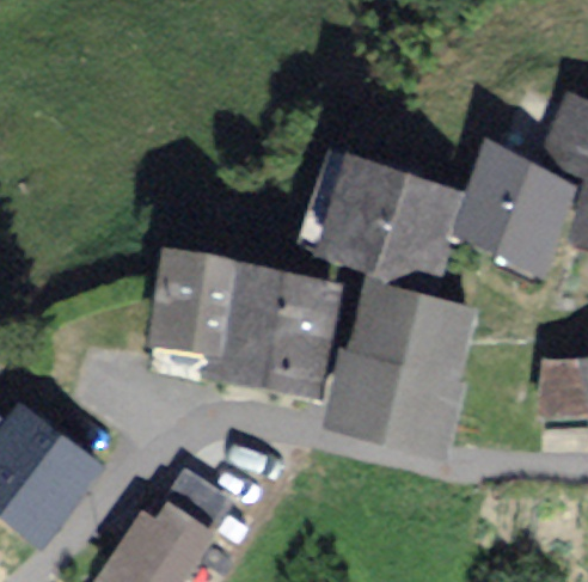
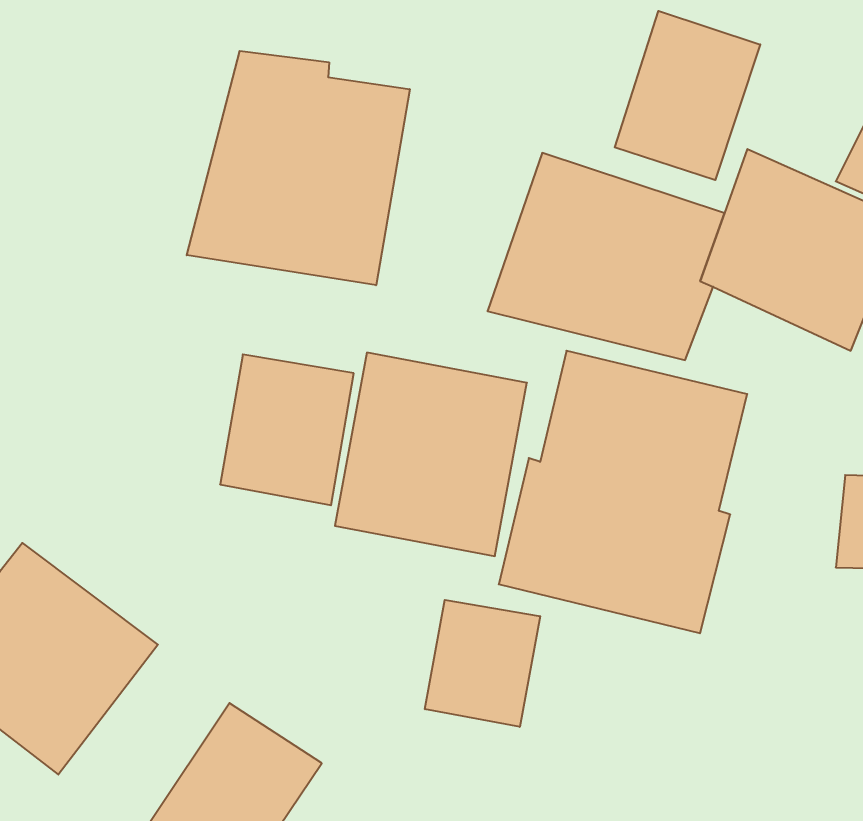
building: none -> [615,11,760,180]
building: none -> [187,51,410,285]
building: none -> [425,600,540,727]

